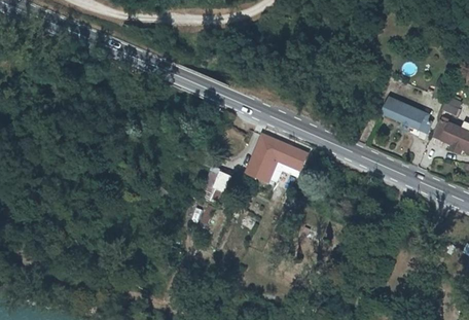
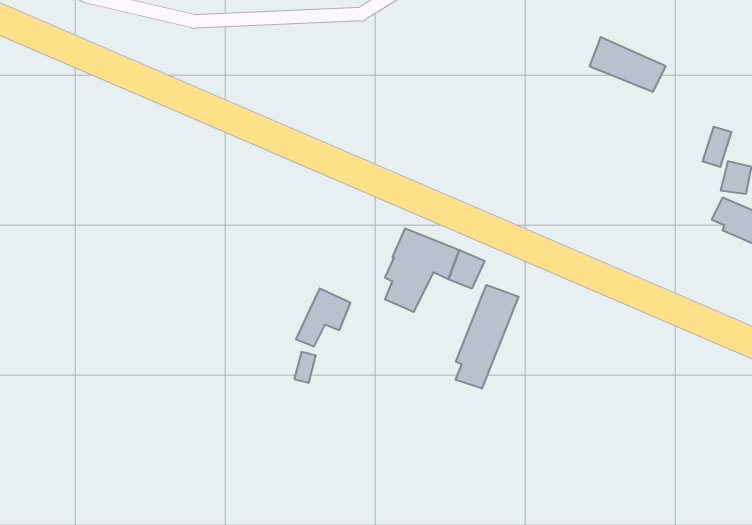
building: [382,96,425,127] -> [590,37,666,92]
building: none -> [456,285,519,389]

